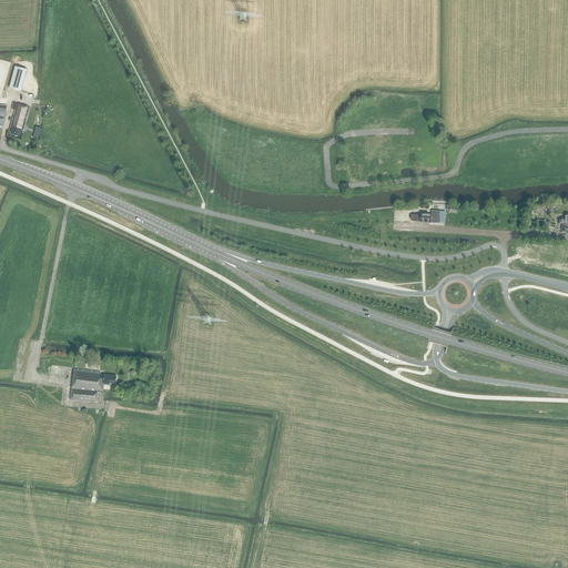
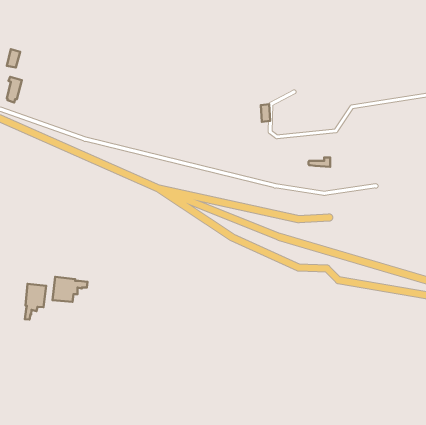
building: none -> [25,284,46,319]

